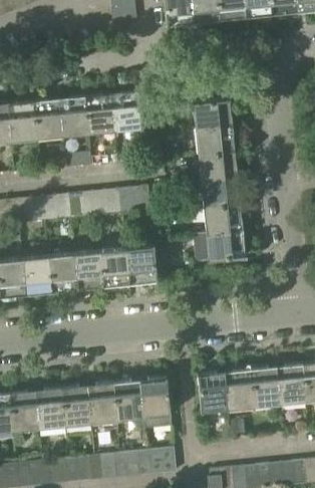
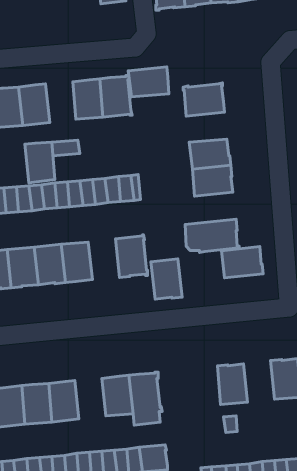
building: [60,96,89,136] -> [25,142,55,183]
building: [196,126,235,155] -> [128,67,169,97]
building: [204,203,244,233] -> [221,247,263,278]
building: [101,248,131,287] -> [151,259,182,299]
building: [251,365,281,406] -> none
building: [198,371,229,412] -> none
building: [88,383,118,422] -> none

